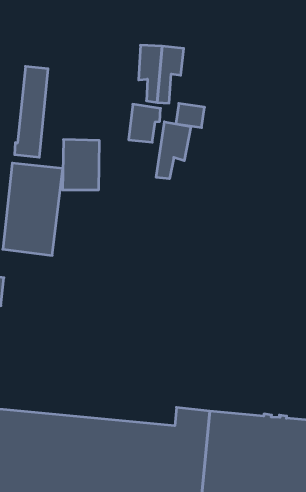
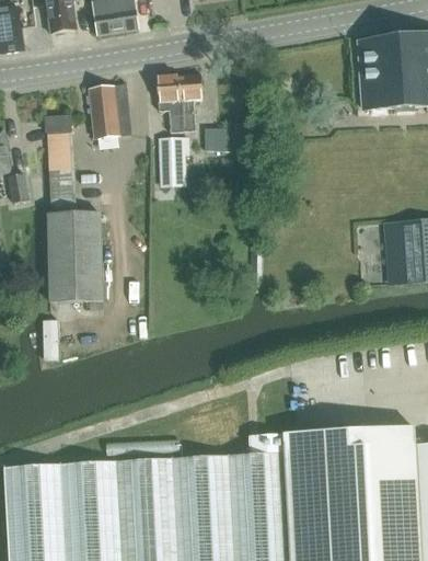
building: [156,122,191,179] -> none
building: [63,140,99,190] -> [89,84,131,139]

